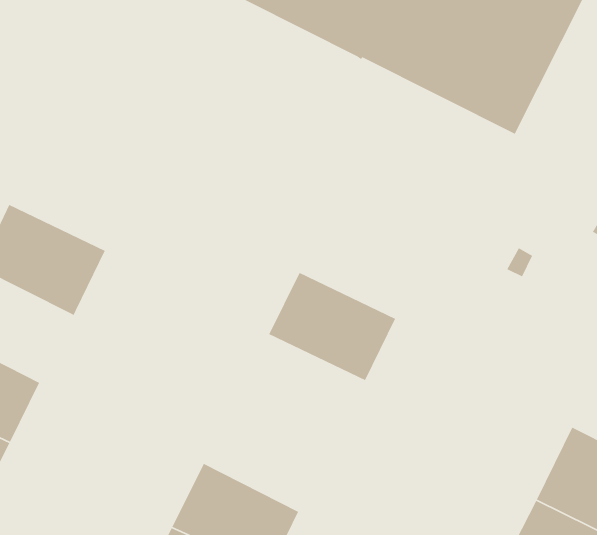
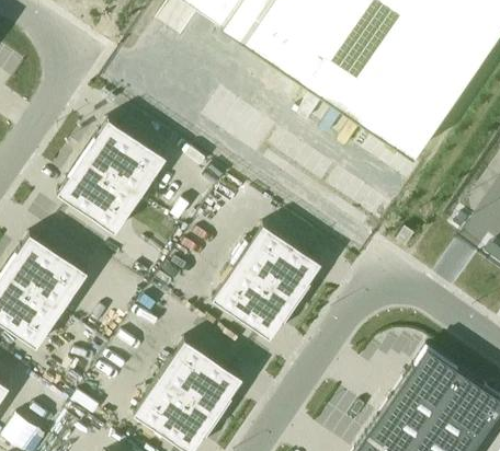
building: none -> [83,119,167,195]
building: none -> [213,263,296,339]

